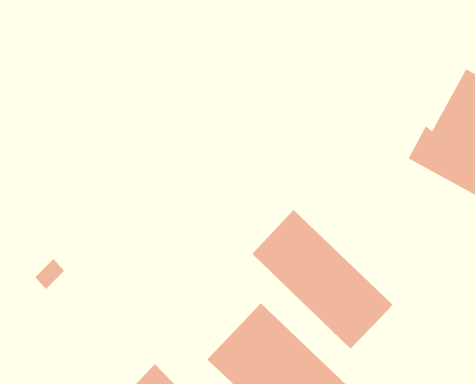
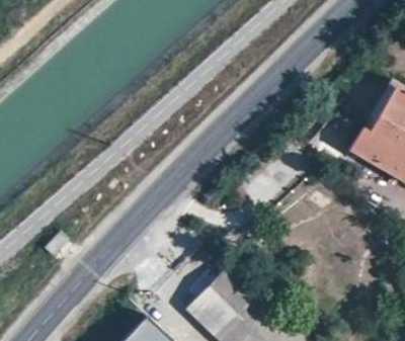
building: [252,209,393,350] -> none

